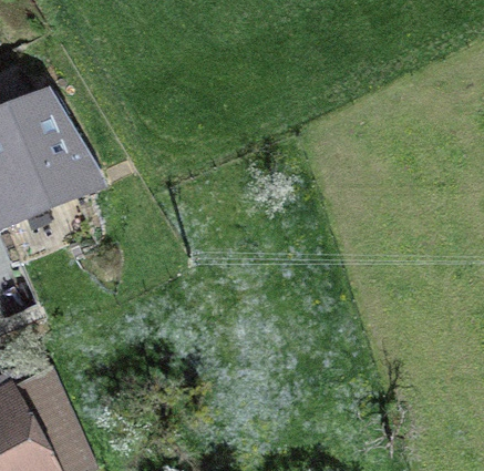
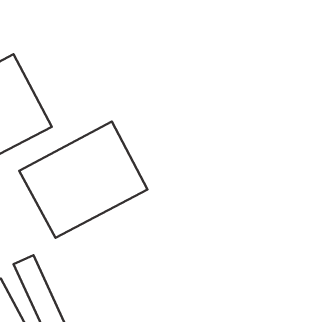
building: none -> [19,122,148,238]

